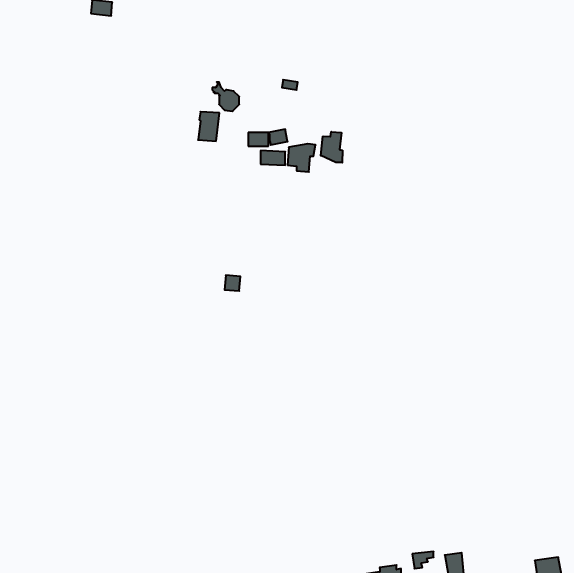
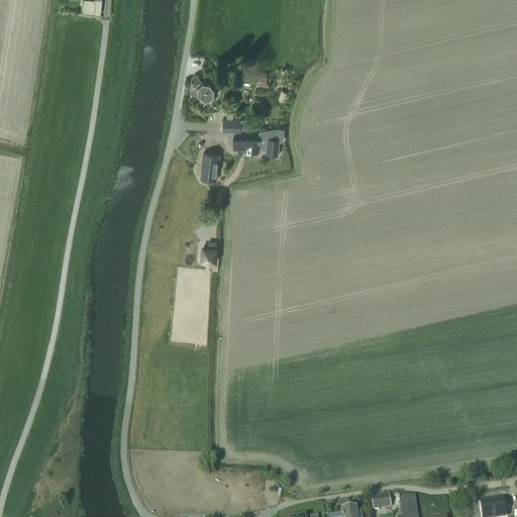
building: [198,112,219,141] -> [201,154,220,181]
building: [321,132,342,163] -> none

